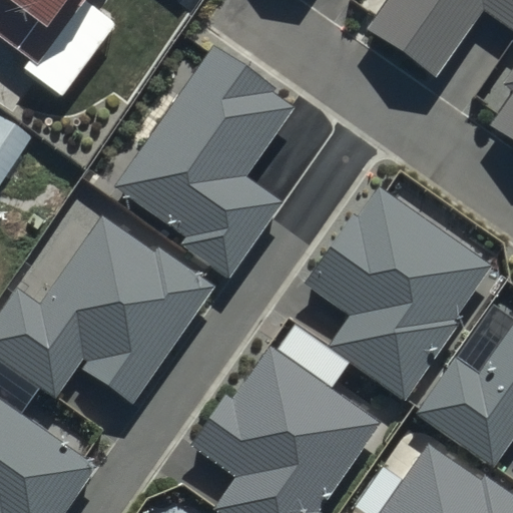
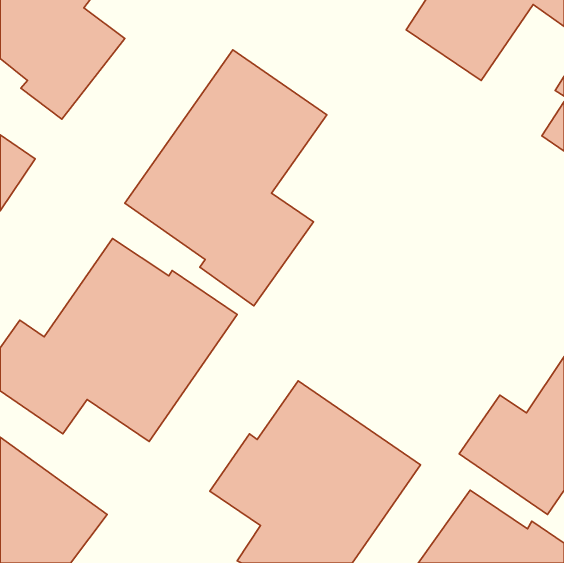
building: [307,184,494,397] -> none

